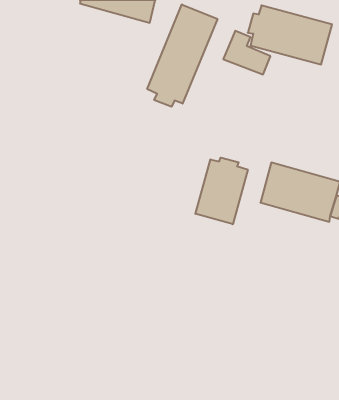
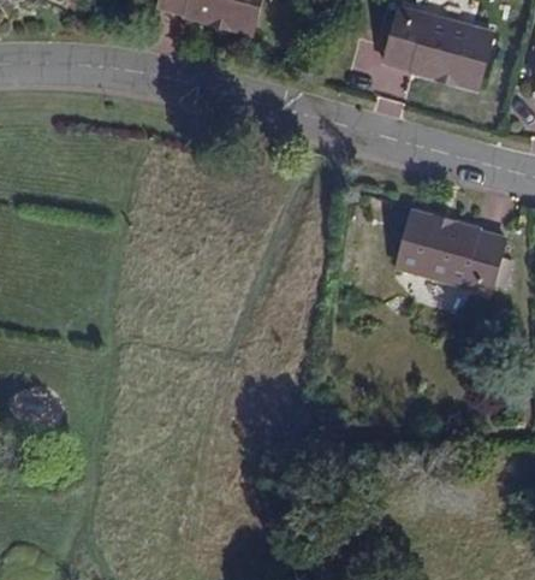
building: [147,4,217,107] -> none
building: [195,158,248,224] -> none

